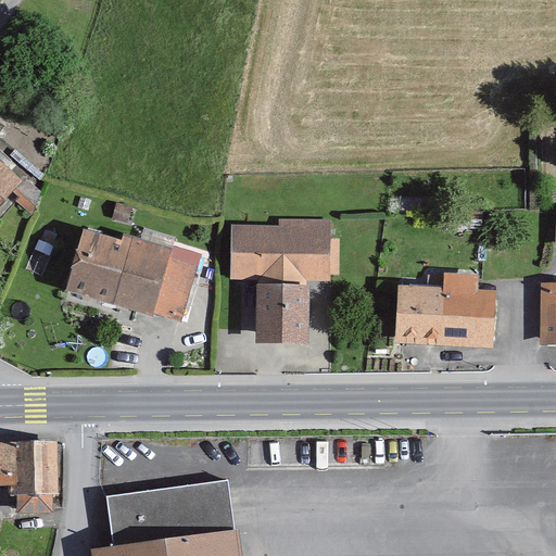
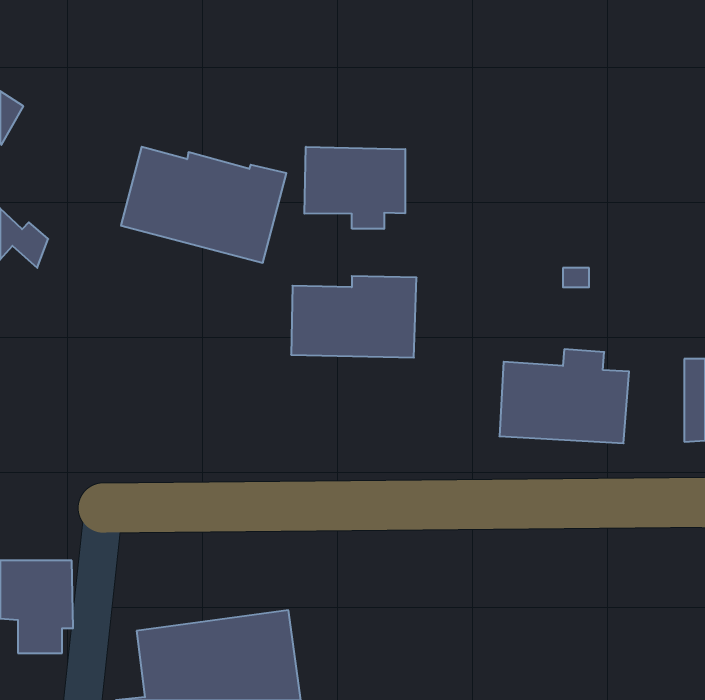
building: none -> [304,147,405,229]
building: [66,230,197,321] -> [121,147,286,263]
building: [255,287,308,344] -> none

